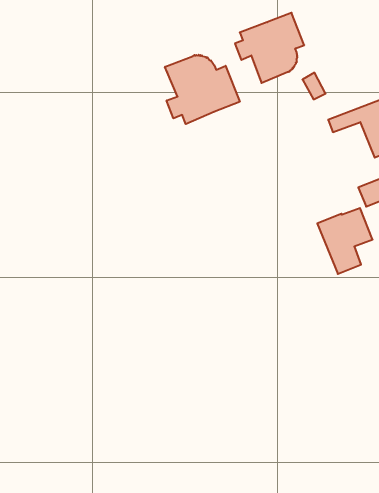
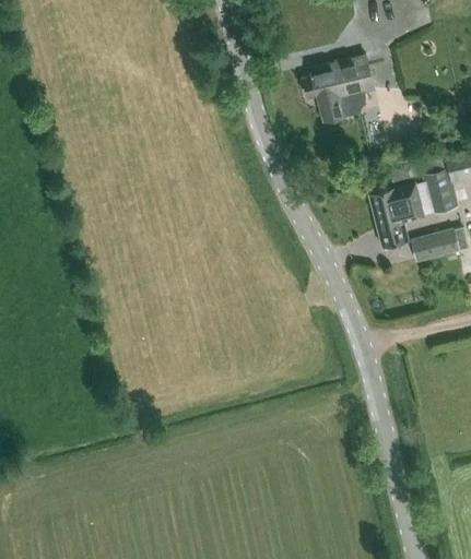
building: [165,55,240,124] -> none
building: [317,208,373,274] -> [368,182,423,247]

